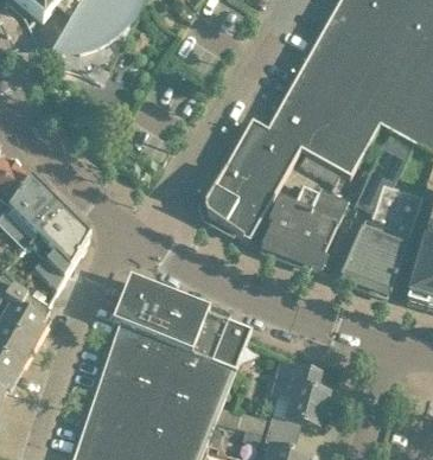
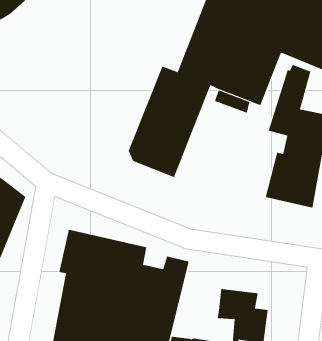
building: [260,185,345,269] -> none

